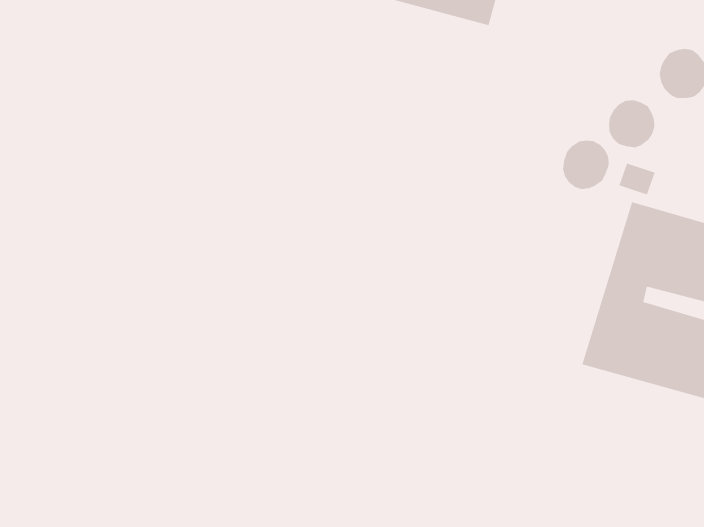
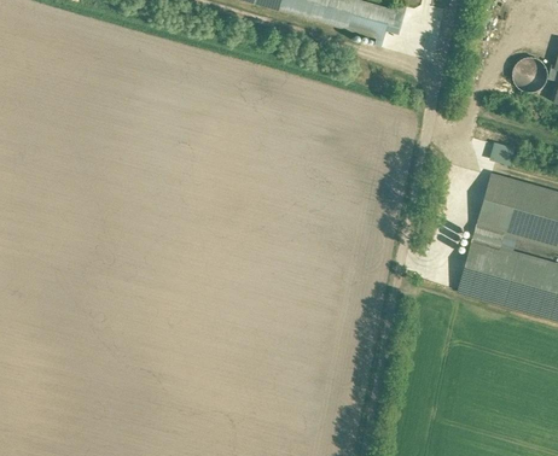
building: [609,99,655,148] -> none
building: [562,140,609,190] -> none

